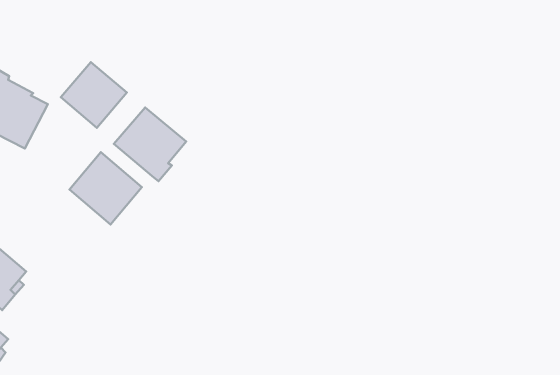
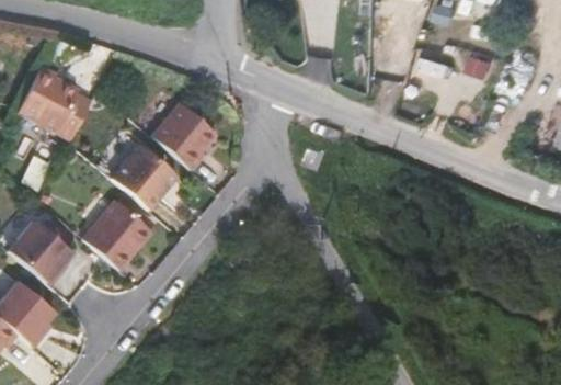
building: [61,62,127,128] -> none
building: none -> [81,200,151,270]

